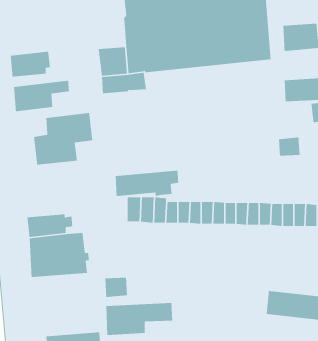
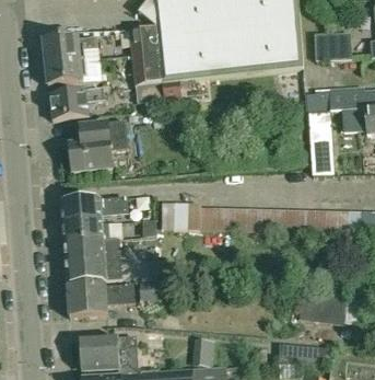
building: none -> [129,28,160,57]
building: none -> [44,36,97,64]
building: [115,170,179,197] -> [61,196,125,222]
building: [105,302,173,336] -> [68,284,134,316]

